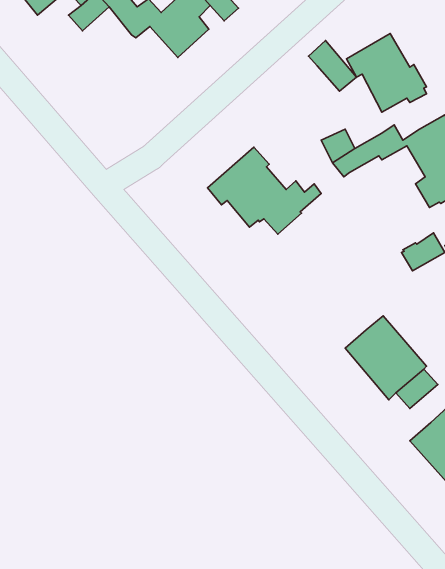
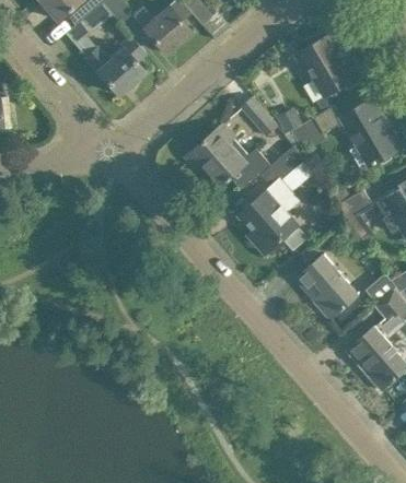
building: none -> [74,35,144,94]
building: [309,41,356,91] -> [240,96,277,136]
building: none -> [239,145,306,249]

